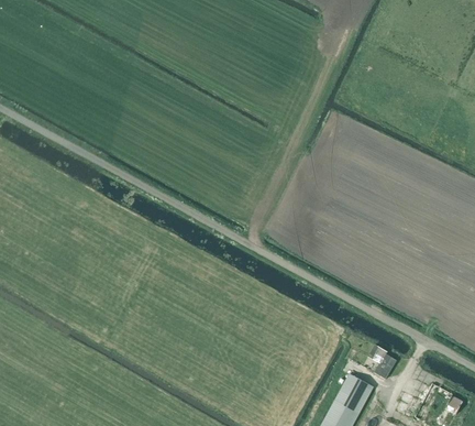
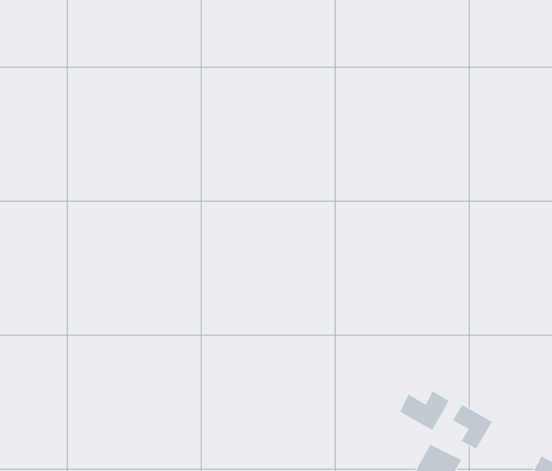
building: none -> [399,390,450,431]

